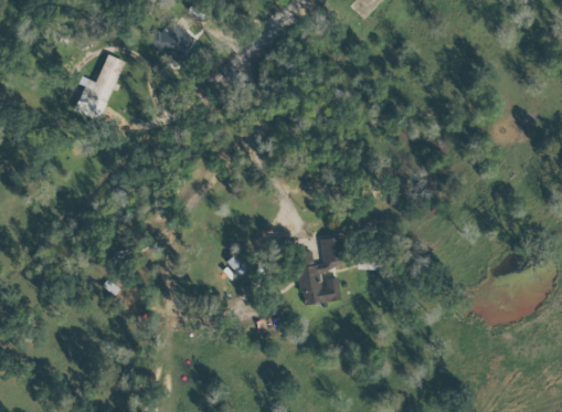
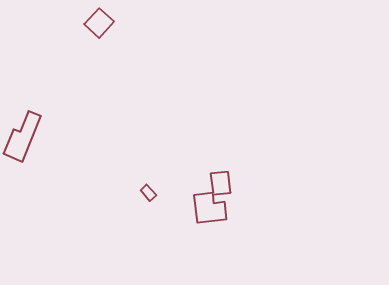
building: [74,53,124,120] -> [3,111,41,162]

